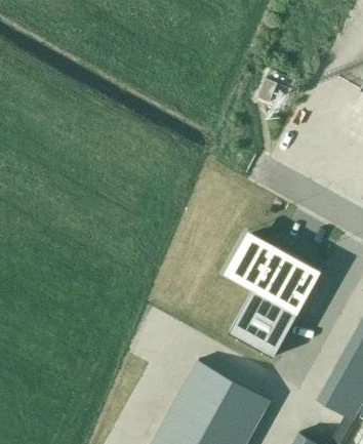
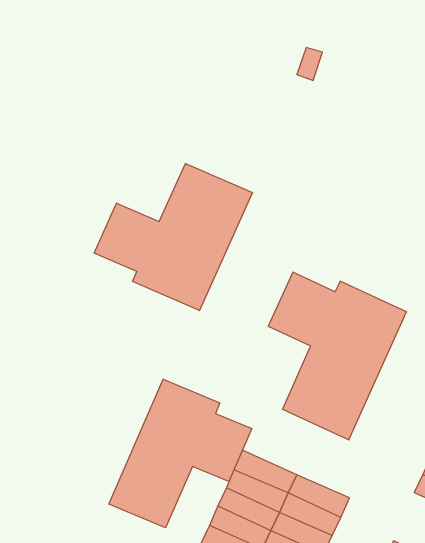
building: none -> [94,163,252,311]
building: none -> [109,379,252,528]

